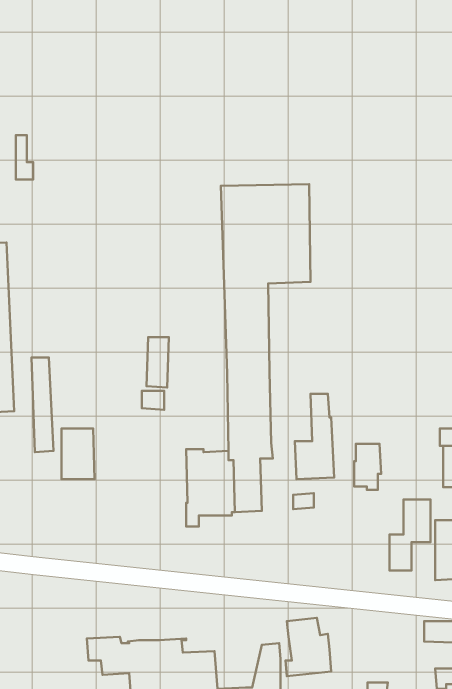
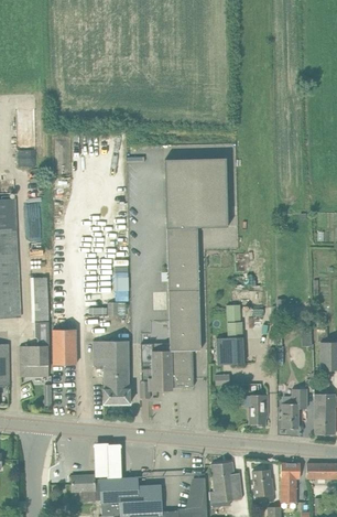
building: [354,444,381,490] -> [249,395,268,427]
building: none -> [93,341,130,405]
building: none -> [20,345,48,377]
building: none -> [94,443,121,477]
building: none -> [280,463,300,503]
building: none -> [251,470,273,502]

